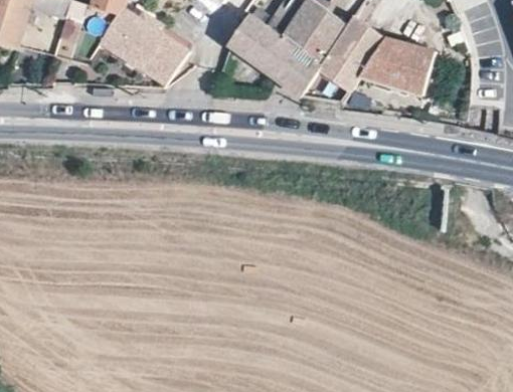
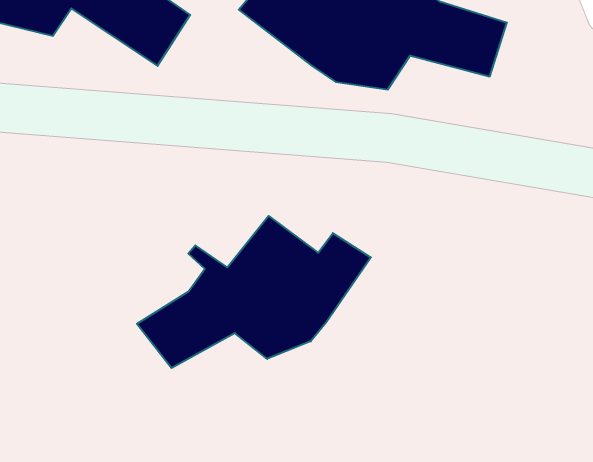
building: none -> [137,216,371,368]

